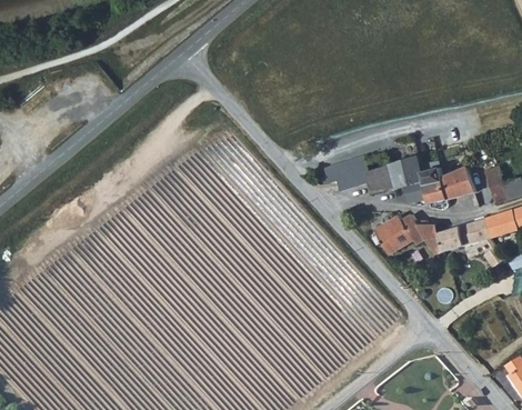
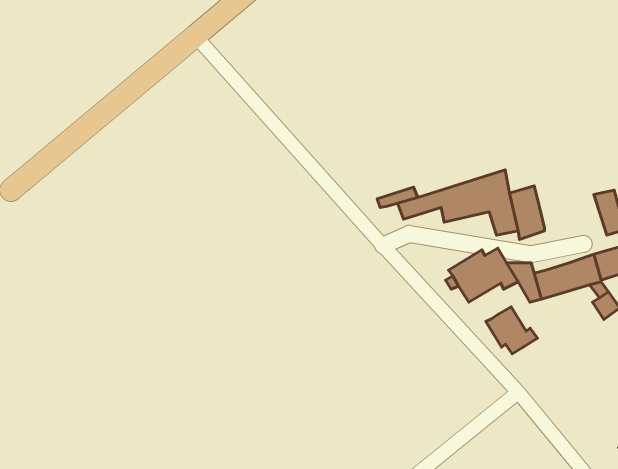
building: [443,167,476,200] -> none
building: none -> [486,307,538,354]

